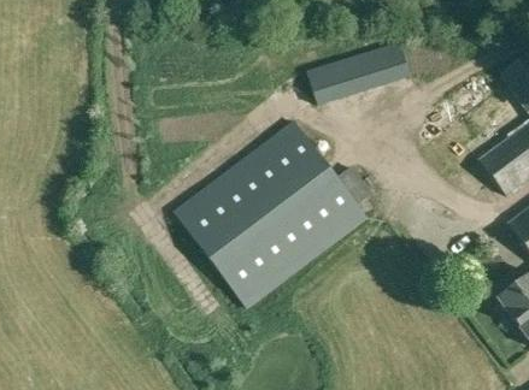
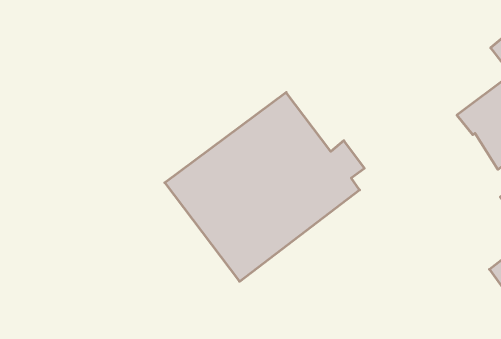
building: [307,43,412,106] -> none

